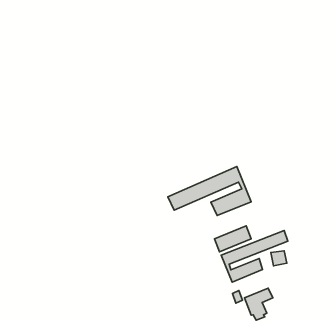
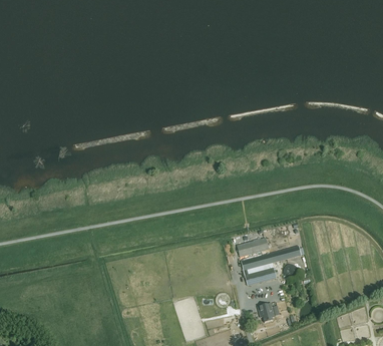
building: [168,167,251,215] -> none

